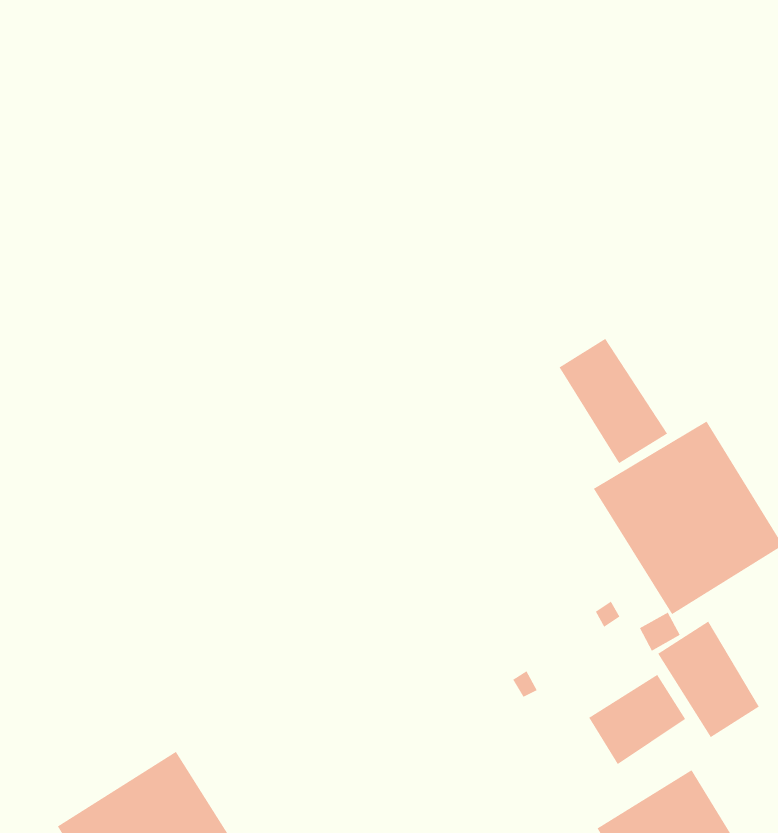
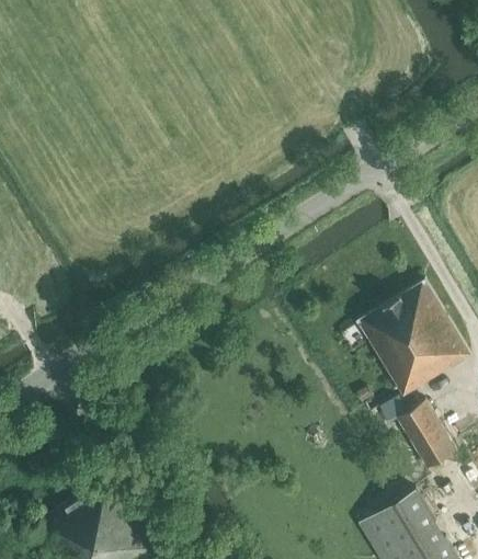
building: [558,338,668,464] -> none
building: [588,674,686,765] -> none

